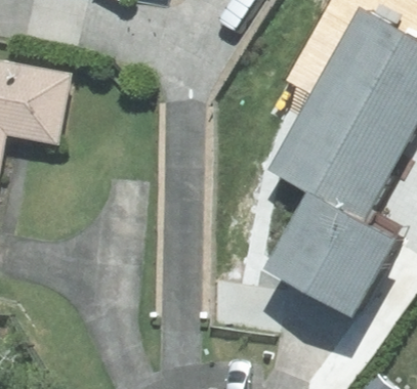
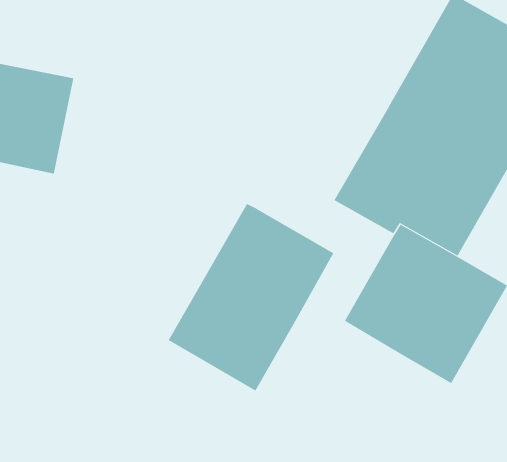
building: none -> [168,203,334,391]

